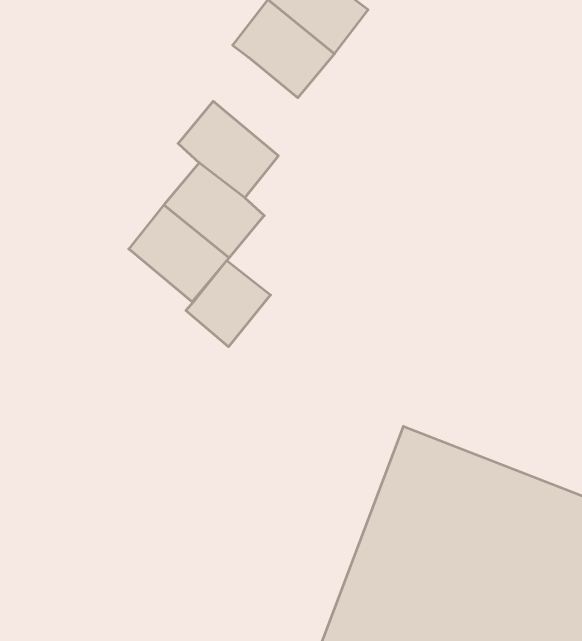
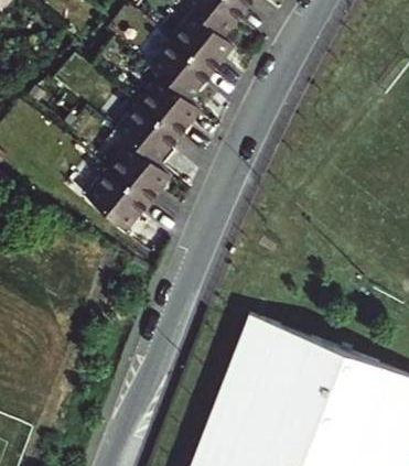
building: none -> [136,79,198,141]
building: [186,260,271,347] -> none

